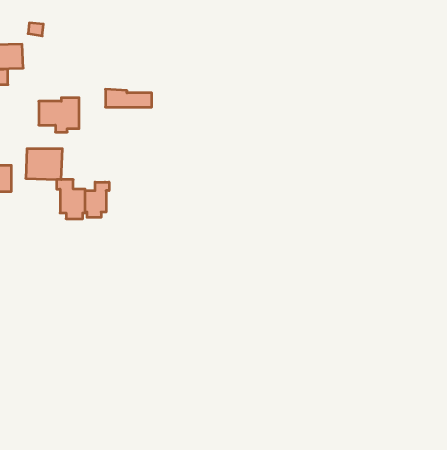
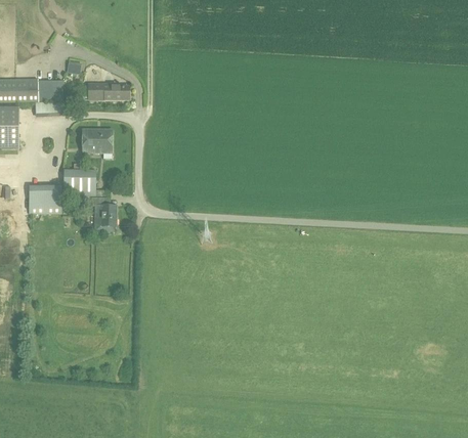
building: [105,89,152,107] -> [88,82,128,97]
building: [85,182,109,217] -> none

